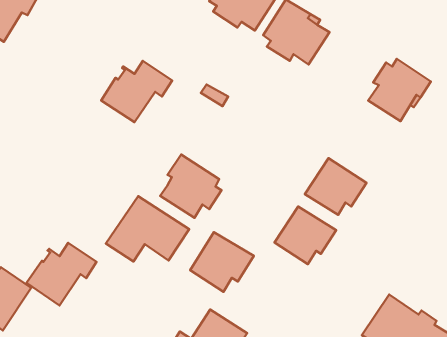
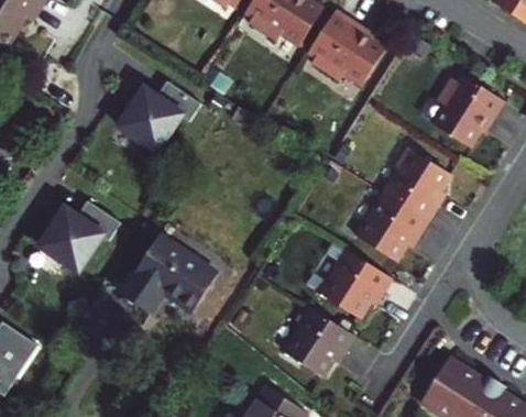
building: none -> [383,150,450,223]
building: [160,155,222,218] -> none
building: [190,232,254,292] -> [284,310,358,380]
building: [27,243,97,305] -> [40,201,121,274]

